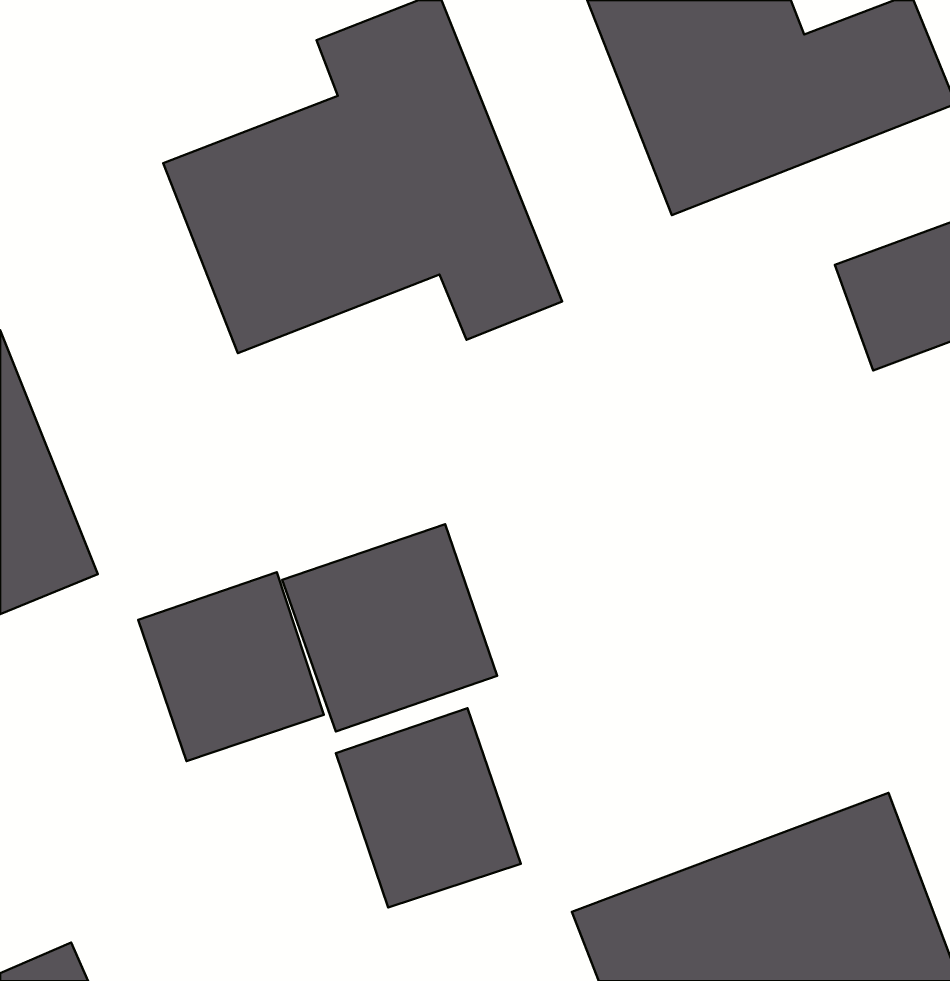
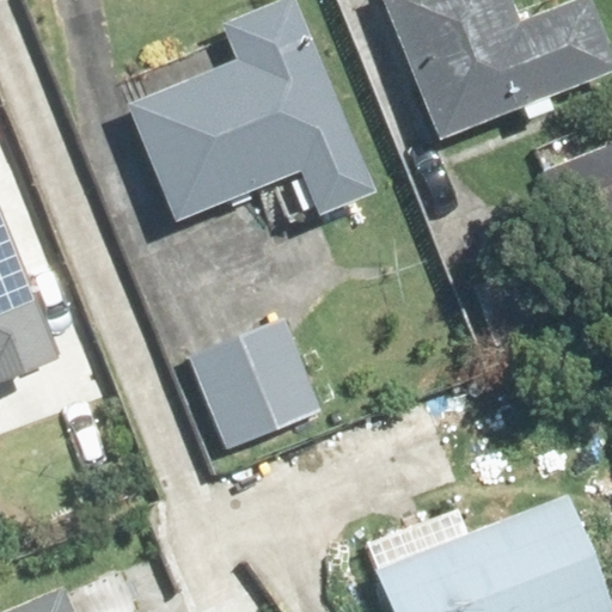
building: [138,572,324,761] -> none
building: [336,708,521,907] -> none

